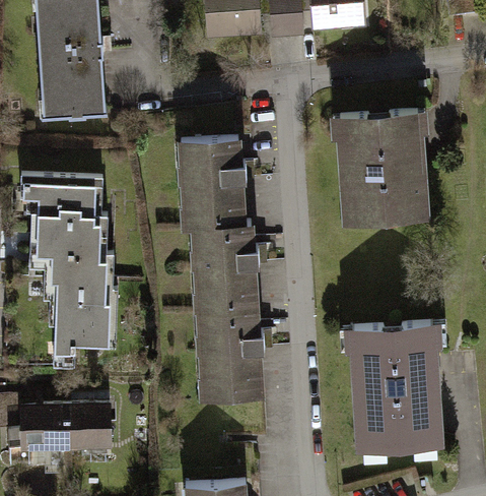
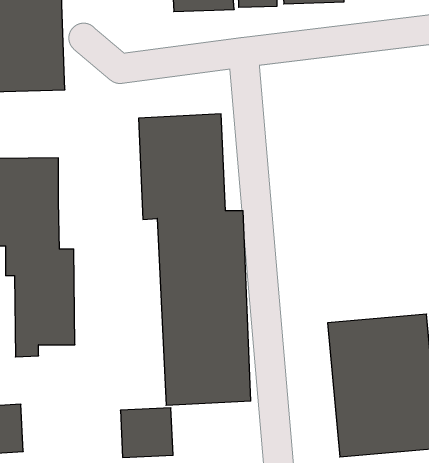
building: [331,108,432,230] -> none
building: [62,400,111,446] -> [120,408,173,457]

